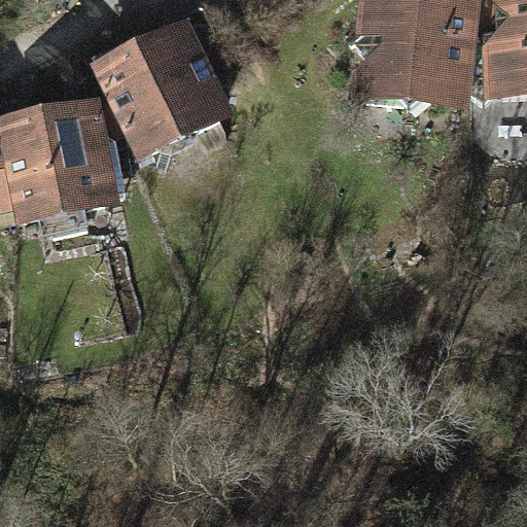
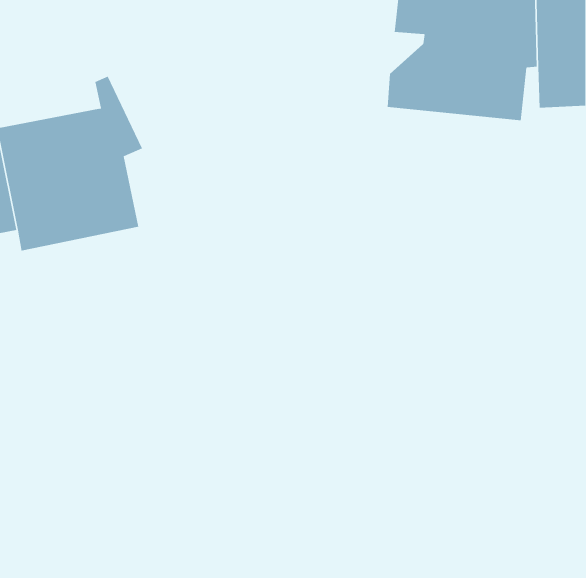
building: [93,12,239,161] -> none

